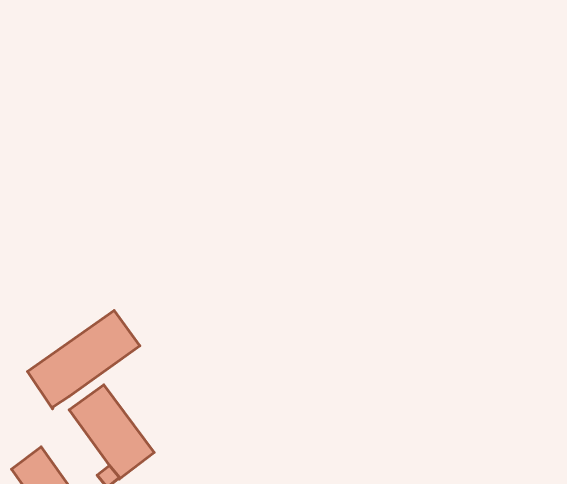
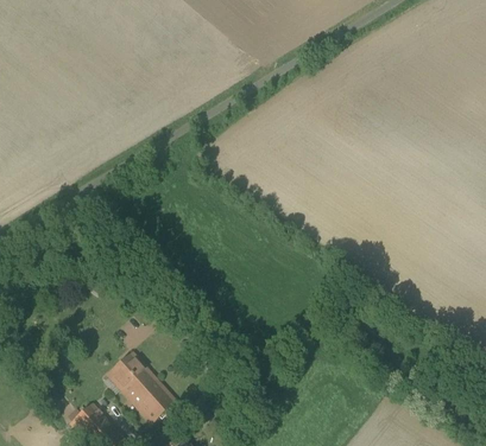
building: [27,310,140,409] -> none

